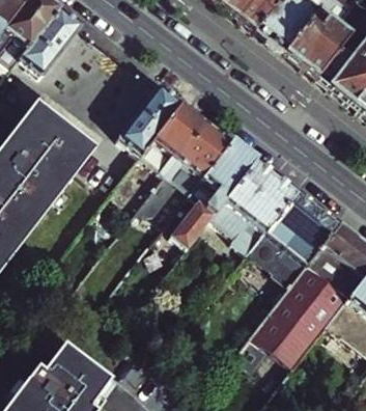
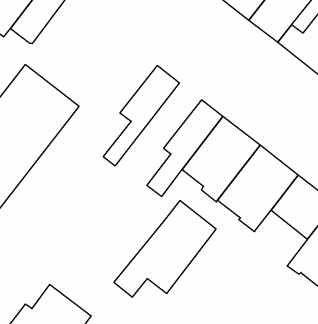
building: [120,82,184,153] -> none
building: [138,119,233,214] -> none
building: [237,262,351,369] -> [114,201,216,297]

